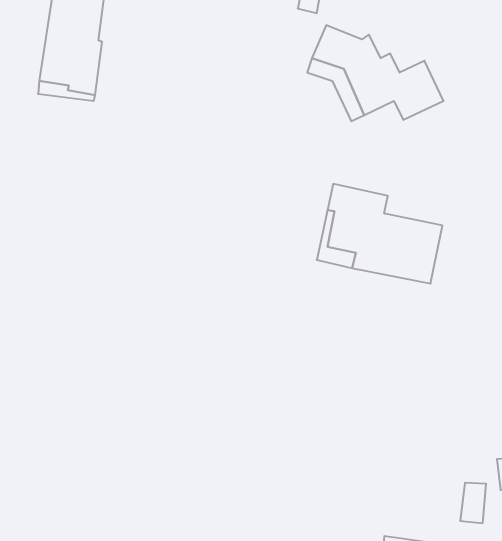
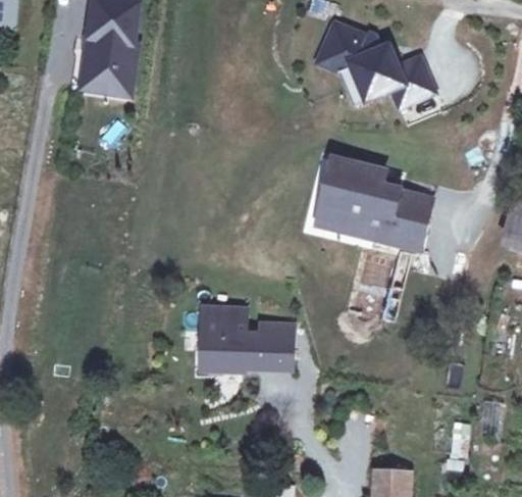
building: none -> [204,305,296,369]

